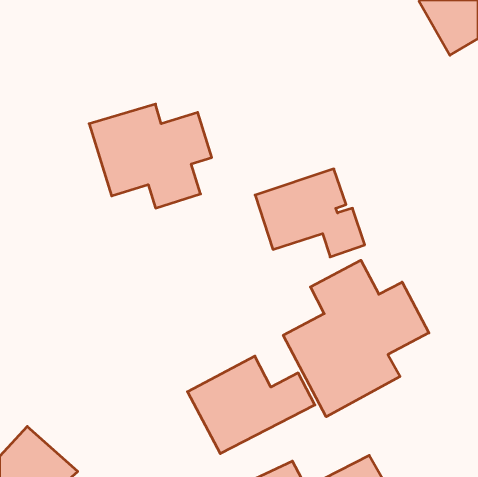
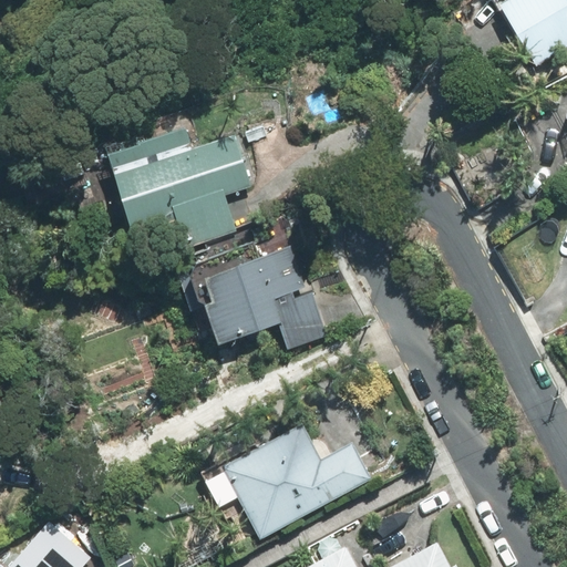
building: [255,169,365,257] -> [197,247,327,351]
building: [283,260,429,417] -> none

